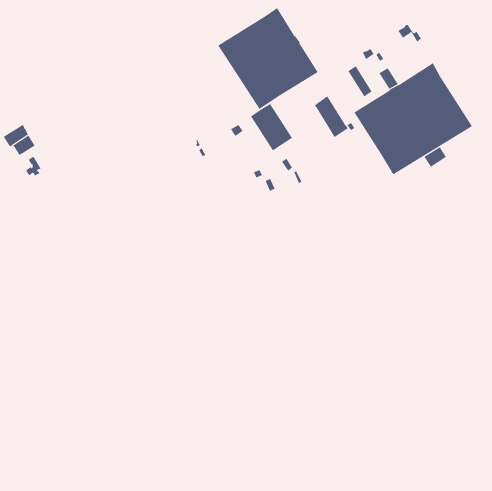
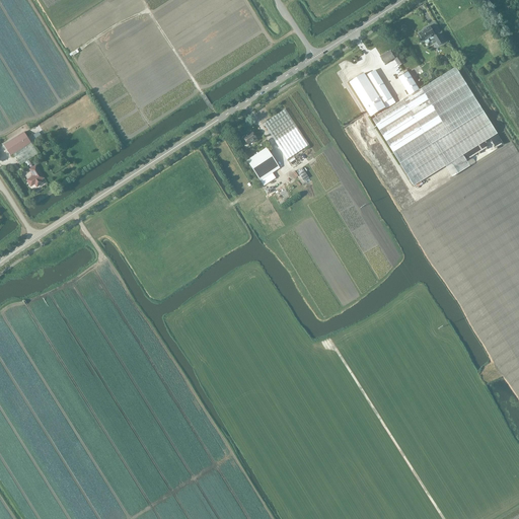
building: [218,7,319,110] -> none
building: [314,96,349,138] -> [350,72,386,117]
building: none -> [246,147,280,179]

